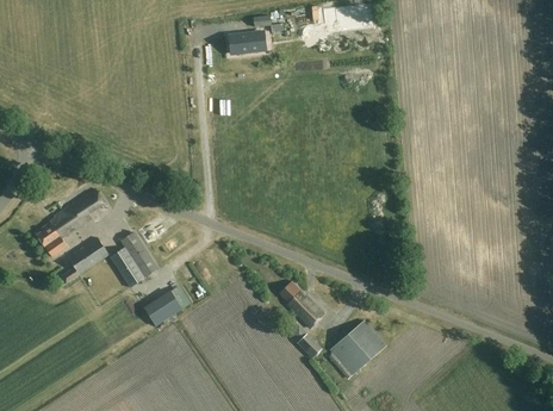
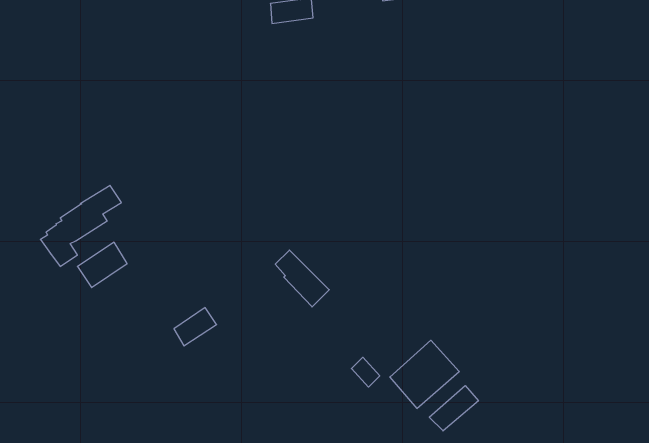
building: [110,231,159,288] -> none
building: [279,281,324,329] -> [275,250,329,307]
building: none -> [429,386,478,431]

